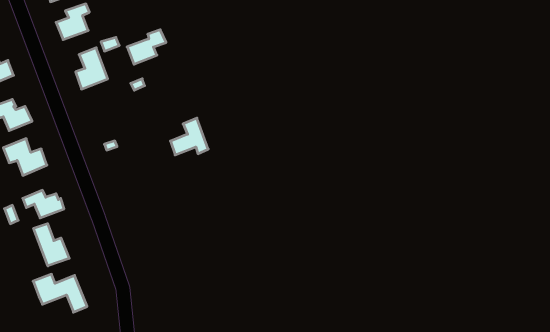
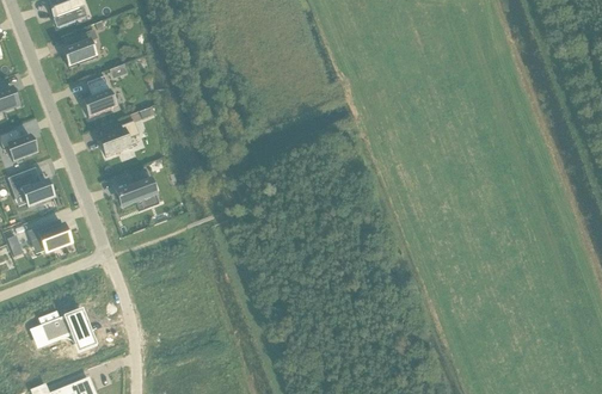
building: [127,30,166,64] -> [99,121,140,156]
building: [170,118,208,155] -> [117,168,156,207]
building: [34,224,69,266] -> none

